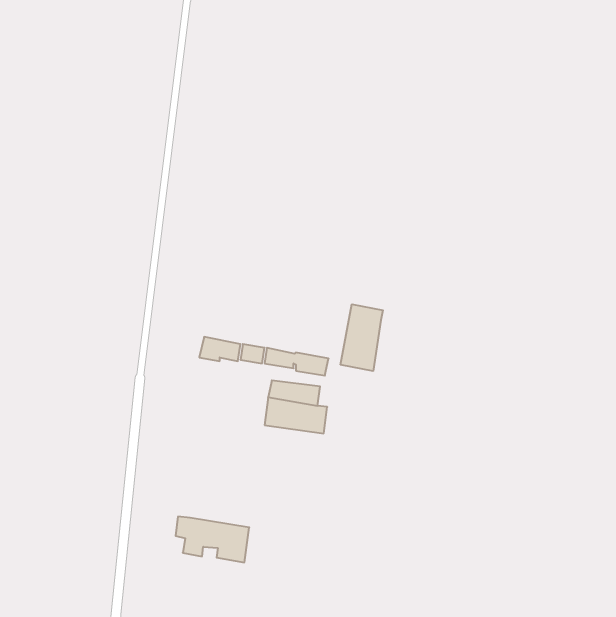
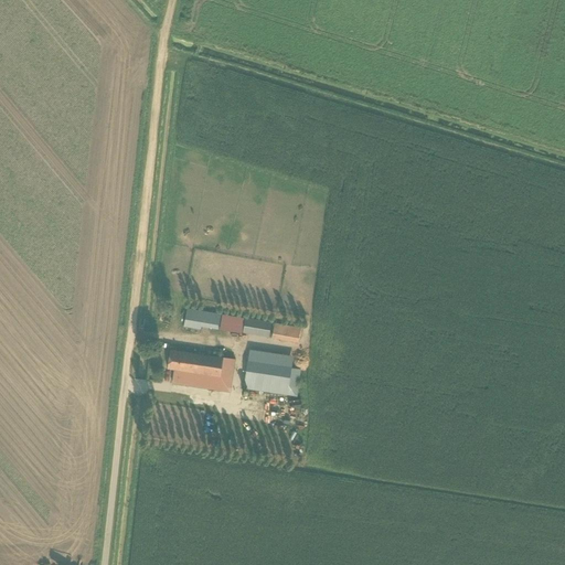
building: [341,304,383,371] -> none
building: [176,517,249,562] -> [167,350,234,392]

